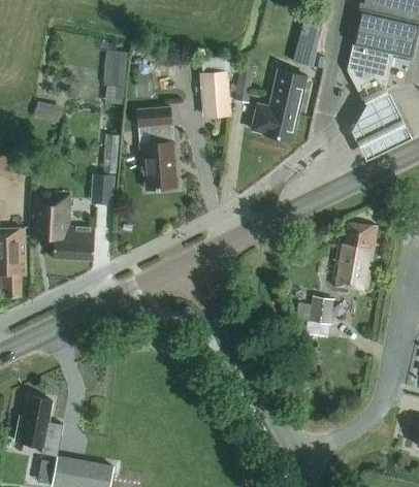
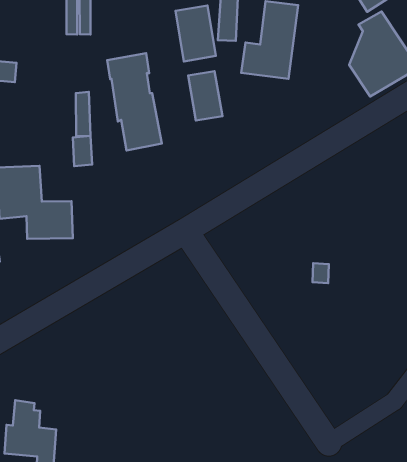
building: none -> [188,71,222,120]
building: [331,222,377,290] -> none
building: [309,296,333,324] -> none

